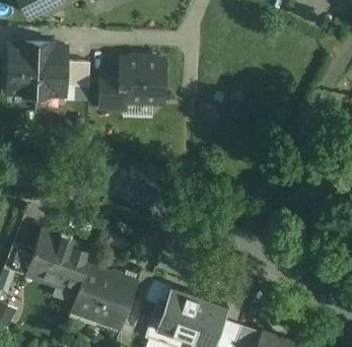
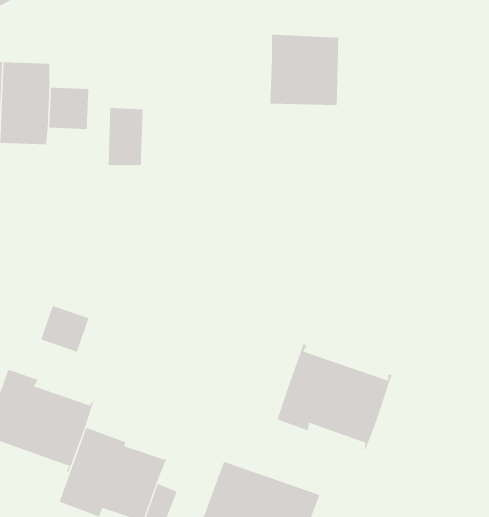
building: [121,61,162,103] -> [270,34,339,106]
building: none -> [41,305,89,352]
building: none -> [277,344,392,450]

